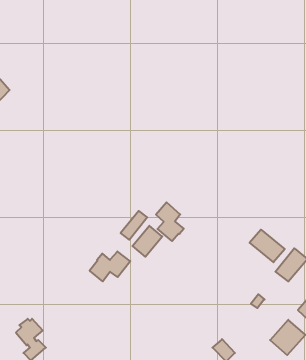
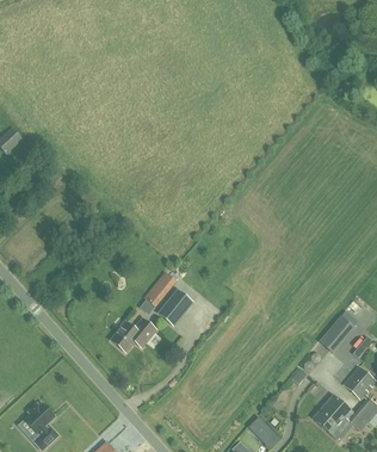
building: [156,202,184,241] -> none
building: [250,230,285,262] -> none

